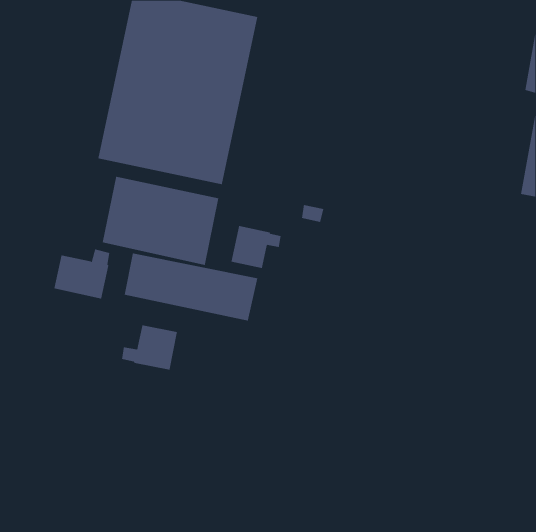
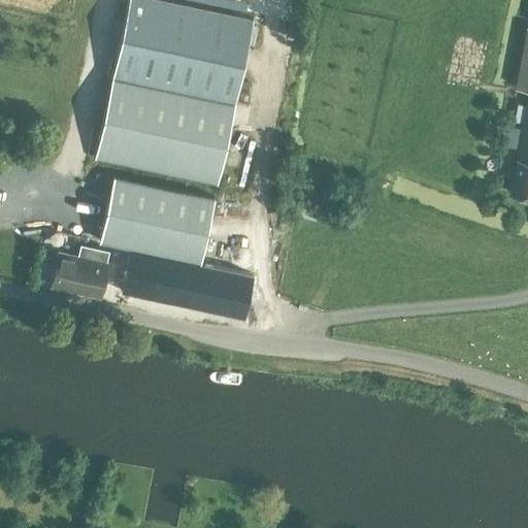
building: [231,225,281,269] -> none
building: [122,324,178,370] -> none

